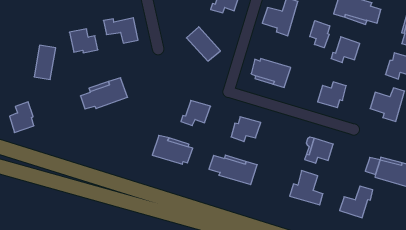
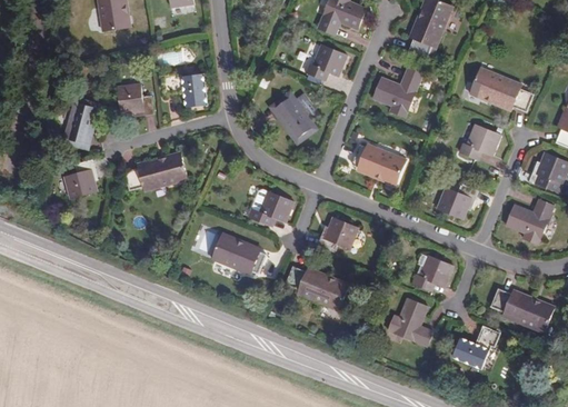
building: [310,21,330,48] -> none
building: [10,102,34,133] -> [63,158,94,197]

